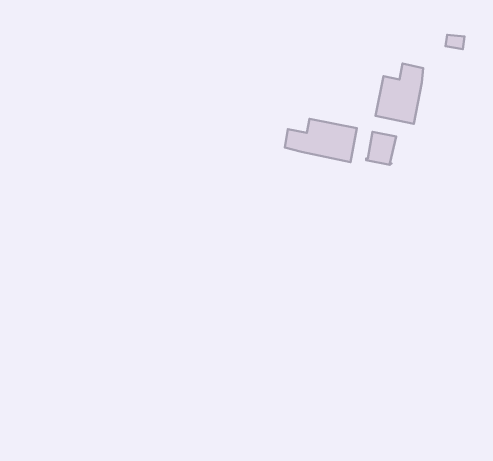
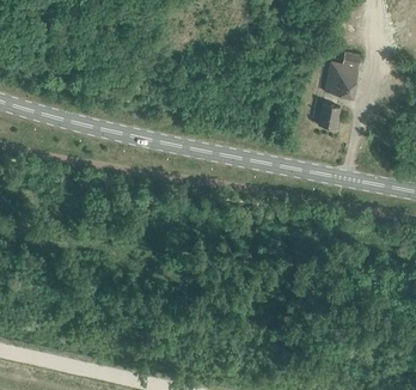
building: [285,119,357,162] -> none

